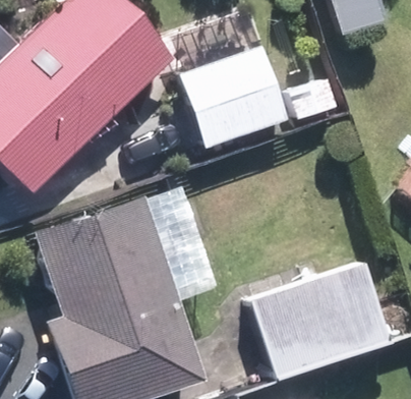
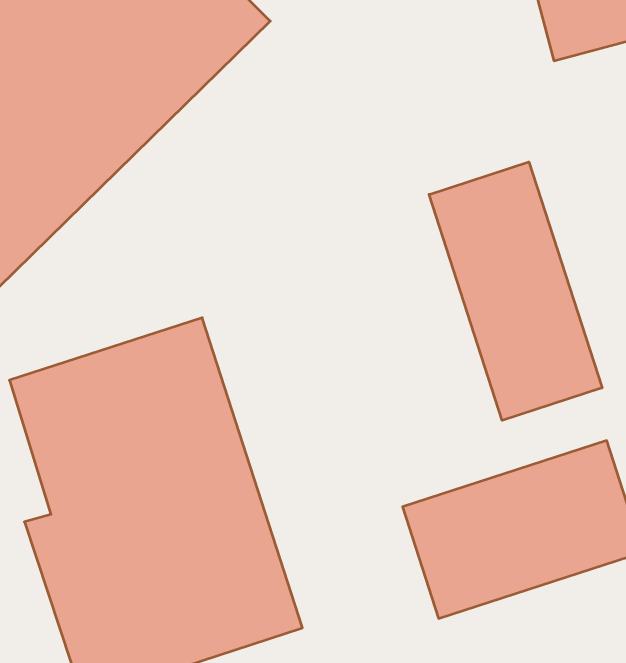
building: [184,42,289,149] -> none
building: none -> [429,162,602,420]

